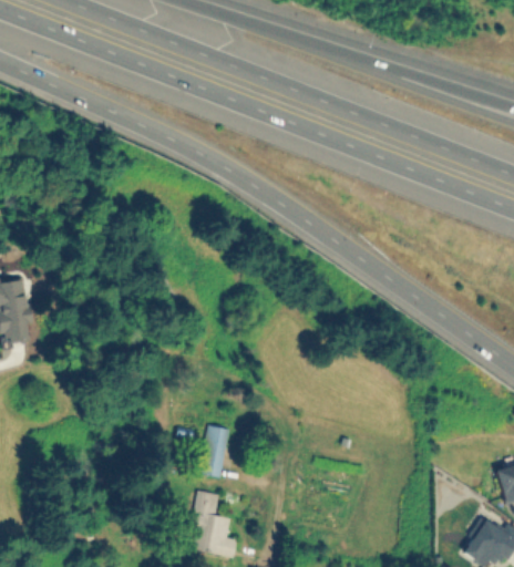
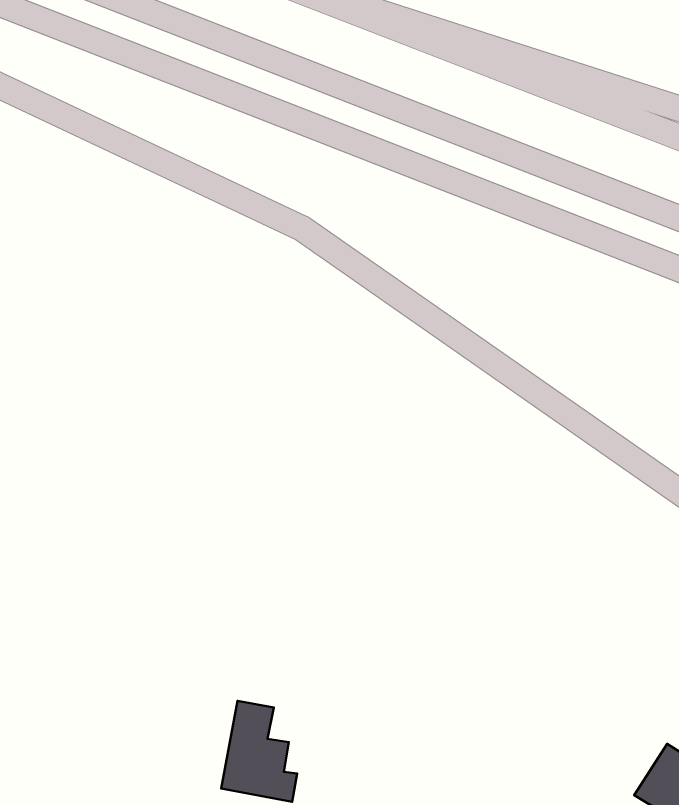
building: [202,425,232,477] -> none

